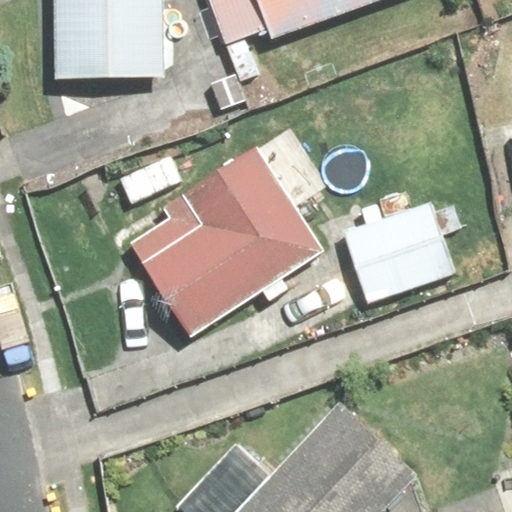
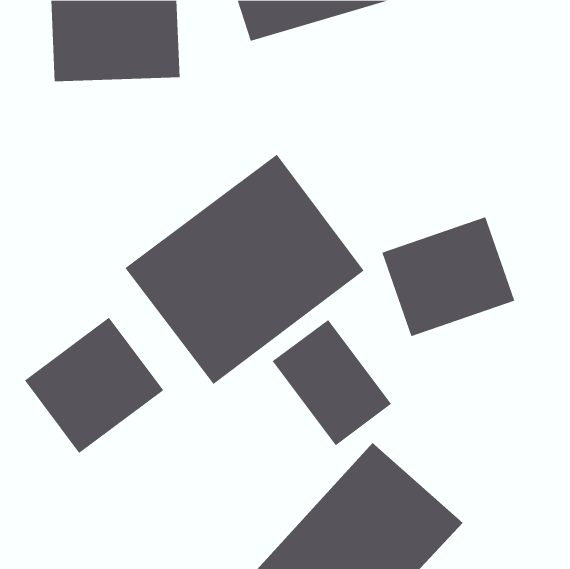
building: none -> [24,317,164,454]
building: none -> [272,319,392,446]

